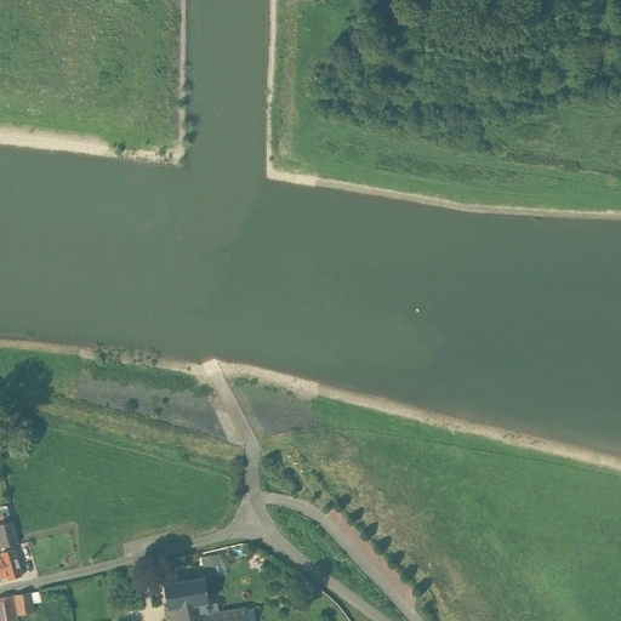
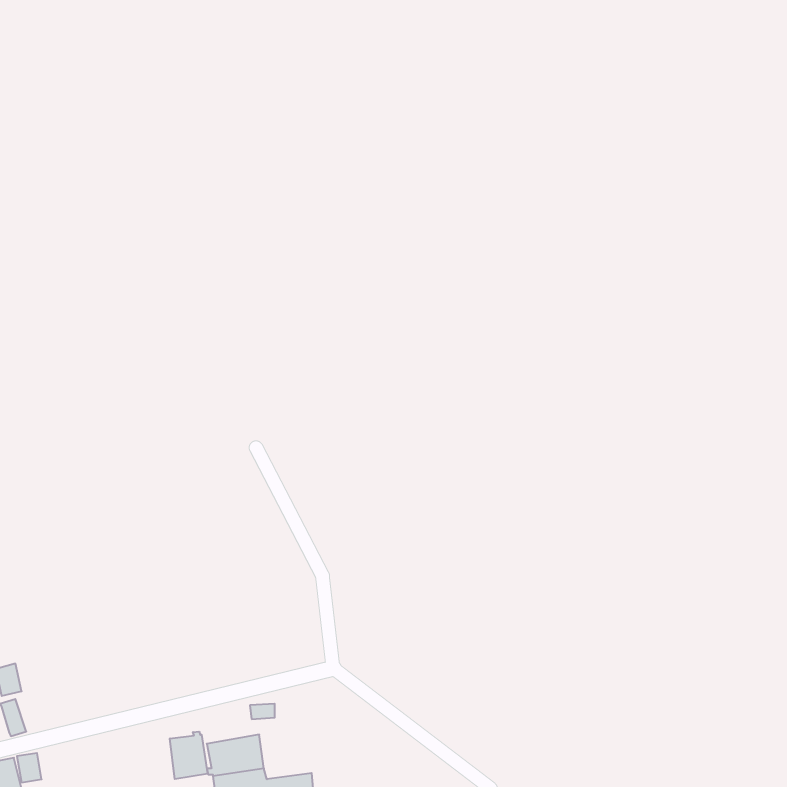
building: none -> [170,732,208,779]

